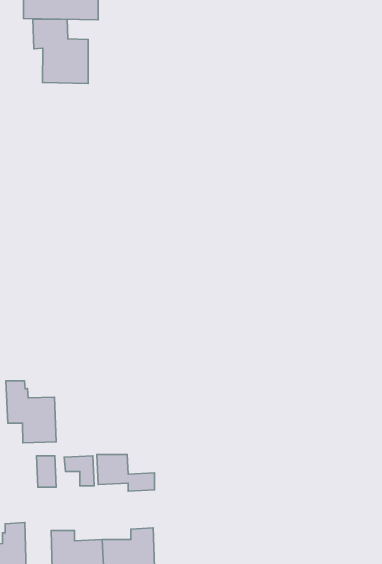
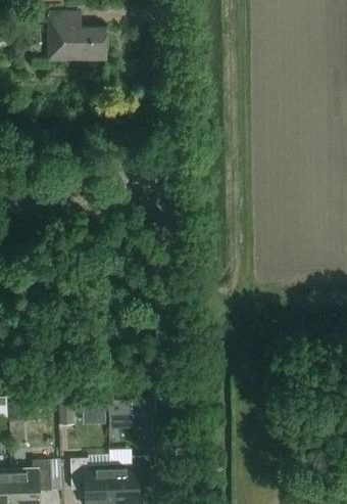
building: [33,19,88,83] -> none
building: [6,381,56,443] -> none

